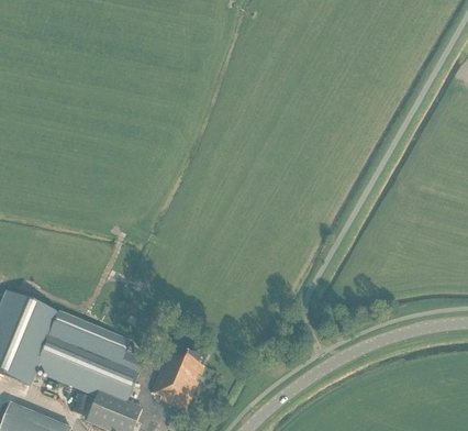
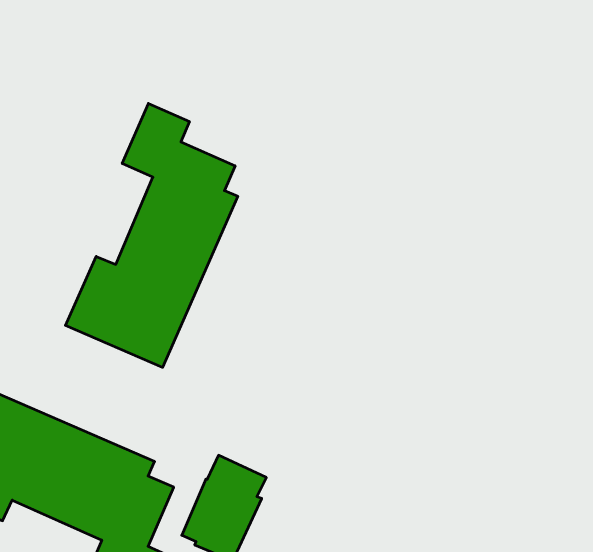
building: none -> [65,103,238,367]

